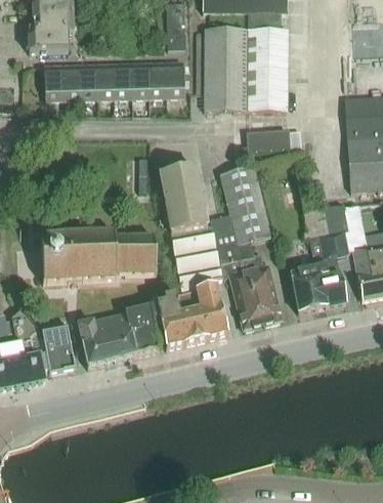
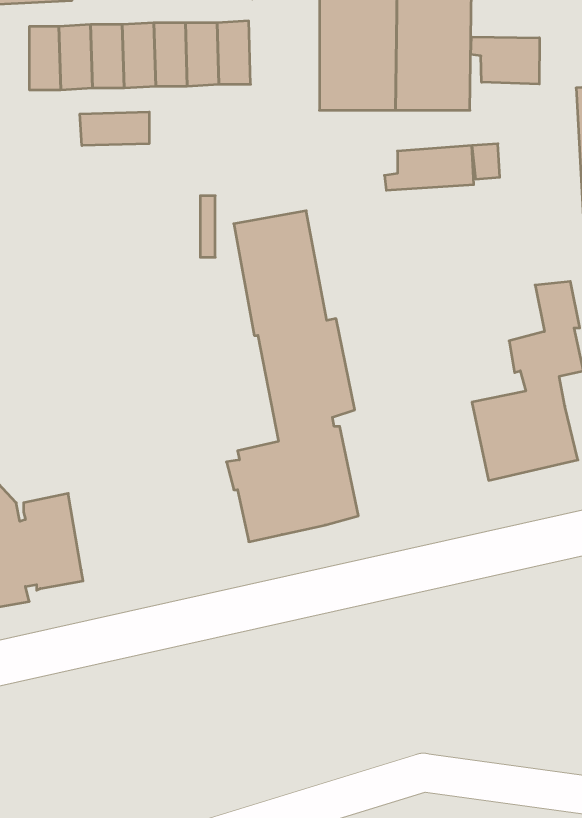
building: [166,58,184,94] -> none
building: none -> [471,37,539,84]
building: none -> [80,112,149,146]
building: [212,163,282,328] -> none
building: [43,235,158,282] -> none
building: [77,302,160,365] -> none

